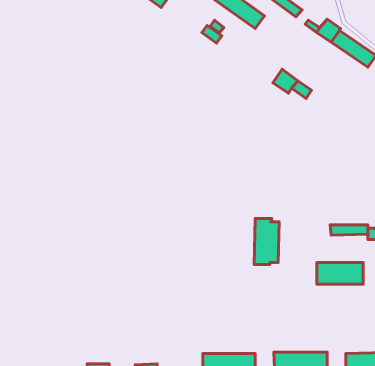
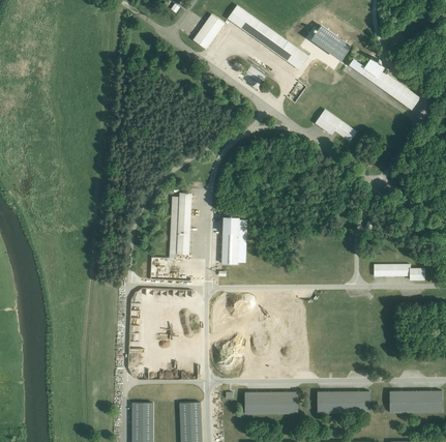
building: none -> [171,194,191,255]
building: [254,219,279,265] -> [221,217,246,263]
building: [317,262,363,284] -> none

